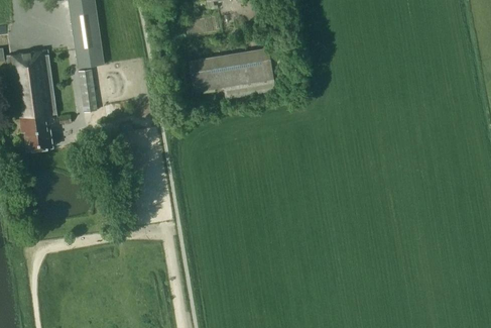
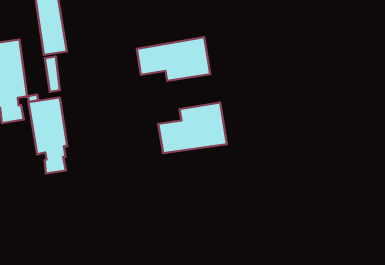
building: none -> [29,97,67,173]
building: none -> [158,102,227,153]

